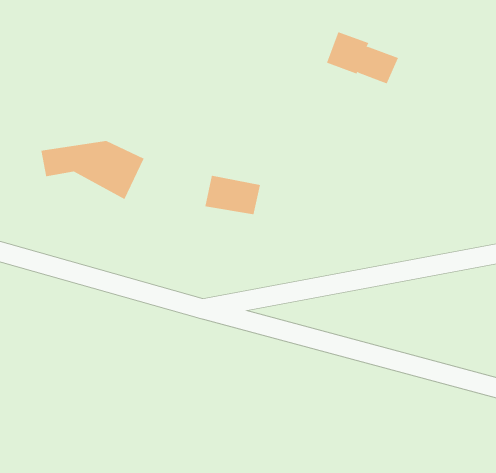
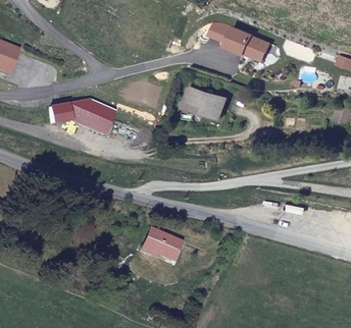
building: [205,175,261,215] -> [183,96,217,120]
building: none -> [134,225,179,257]

